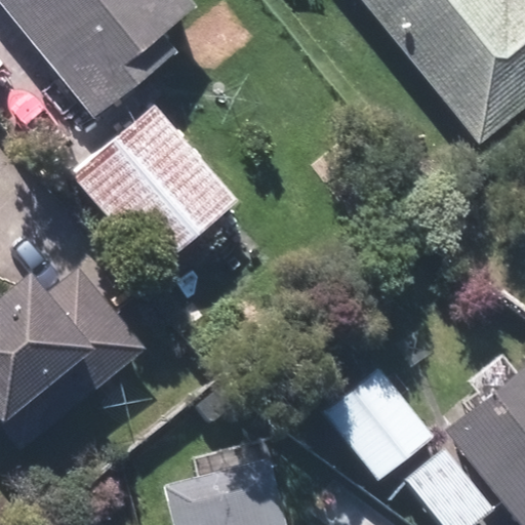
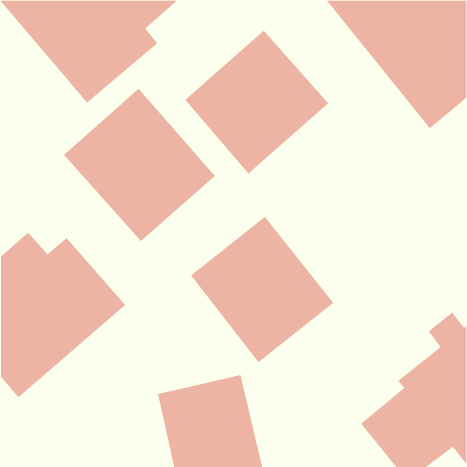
building: none -> [184,30,329,174]
building: none -> [190,216,334,363]
building: [322,361,436,477] -> none

